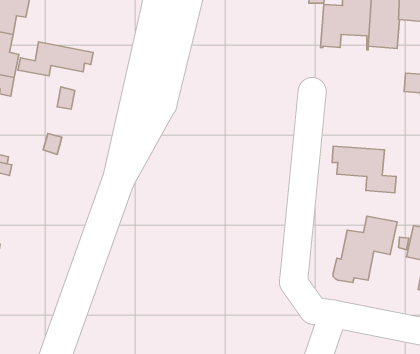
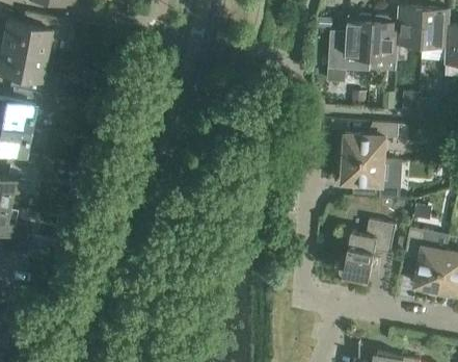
building: [18,42,93,76] -> none
building: none -> [339,123,399,160]

